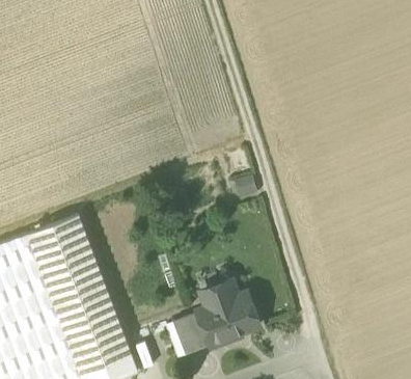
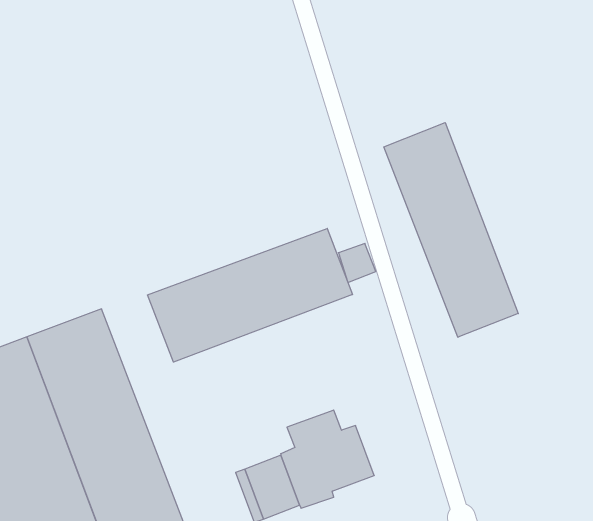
building: none -> [384,123,518,337]
building: none -> [147,228,352,362]

